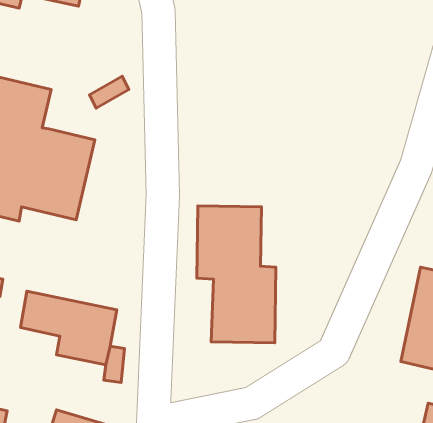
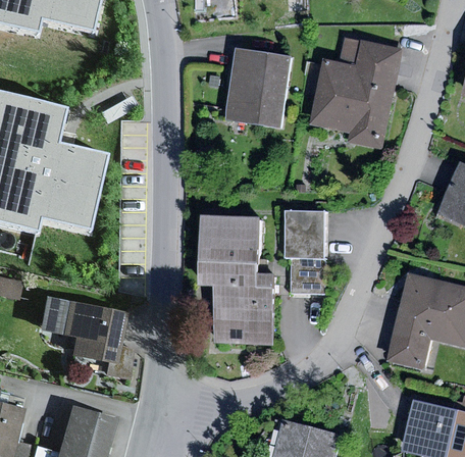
building: none -> [315,40,409,147]
building: none -> [225,49,293,125]
building: none -> [286,209,327,293]

